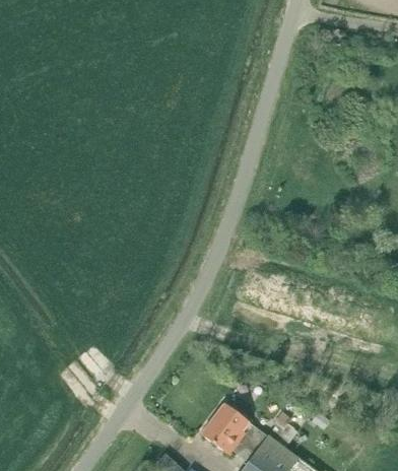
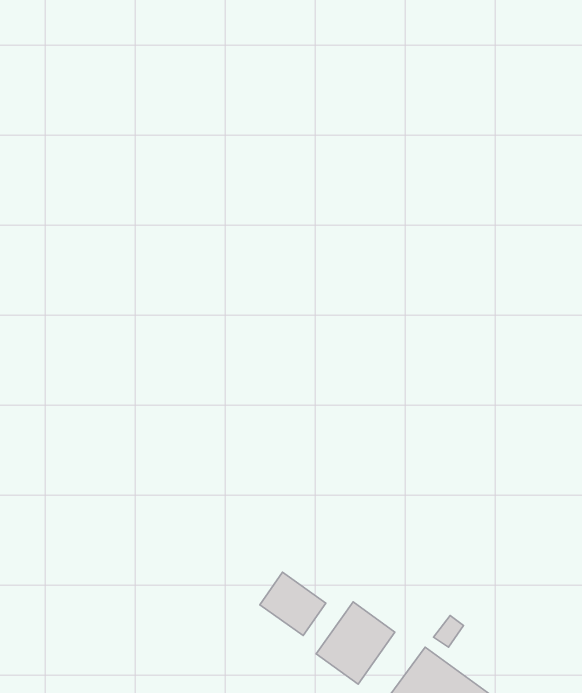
building: none -> [260,572,326,636]

